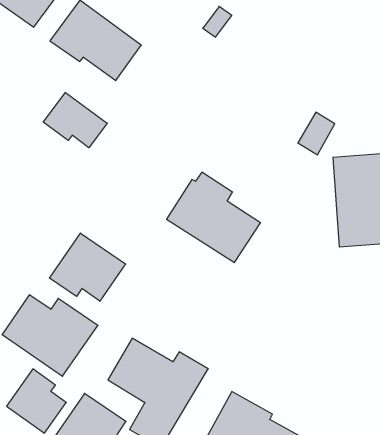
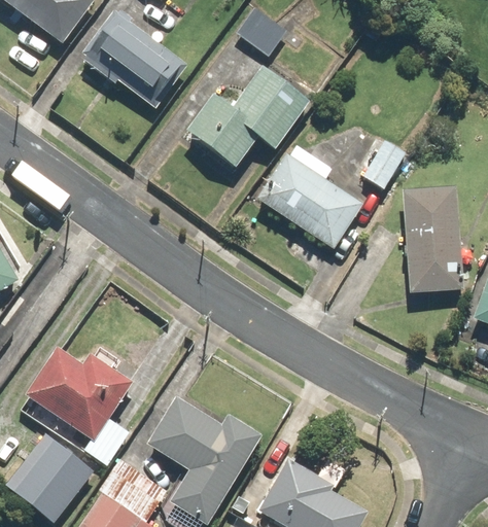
building: none -> [183,68,309,170]
building: [43,92,107,148] -> none
building: [167,172,261,263] -> [255,146,362,249]
building: [49,233,126,301] -> none

